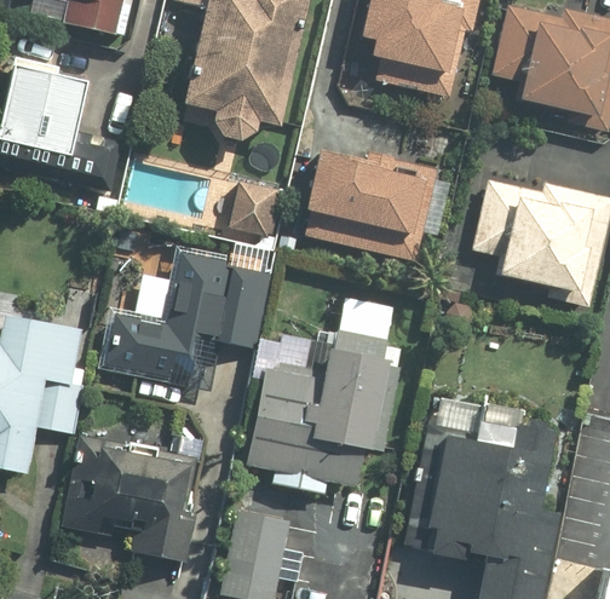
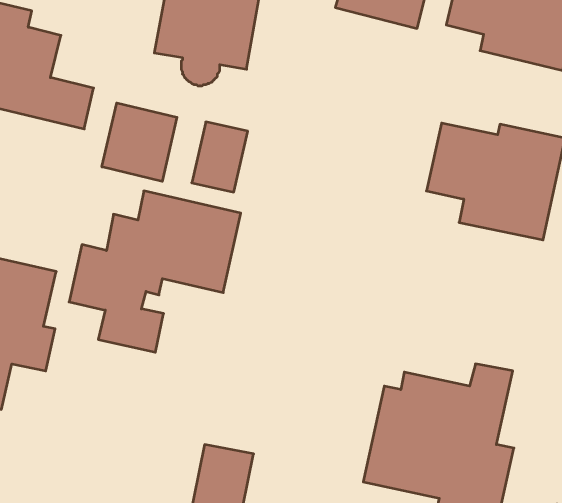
building: [303,150,437,264] -> none
building: none -> [102,103,177,181]
building: [247,296,403,494] -> none
building: [64,433,198,560] -> none

